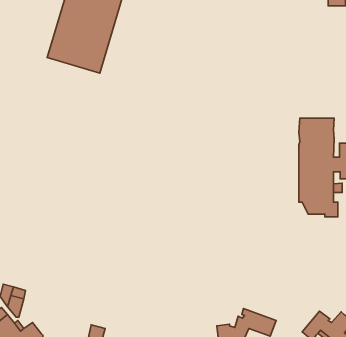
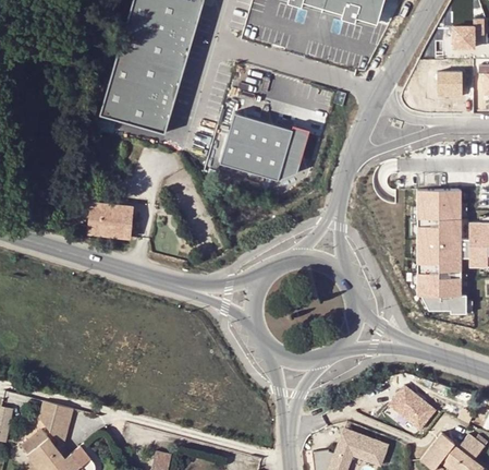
building: none -> [437,72,462,96]
building: none -> [220,113,309,181]
building: none -> [82,204,133,240]
building: none -> [389,385,436,430]

